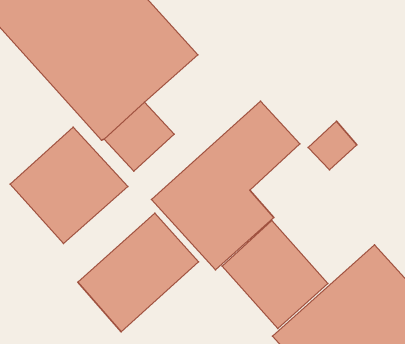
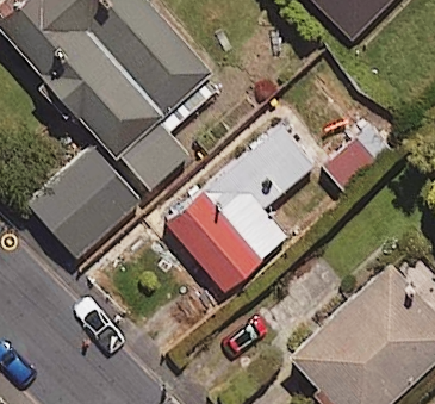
building: [78,213,198,332] -> none
building: [222,220,328,328] -> none

